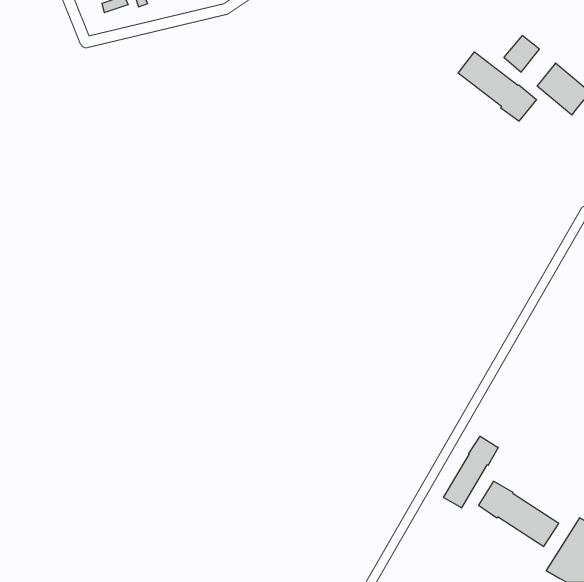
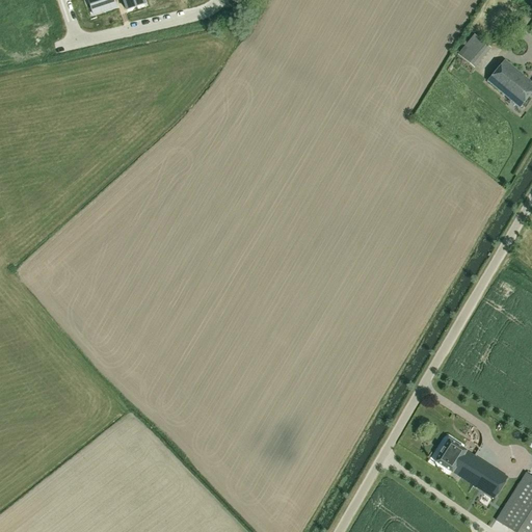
building: [458,52,536,121] -> none
building: [444,436,498,508] -> none

